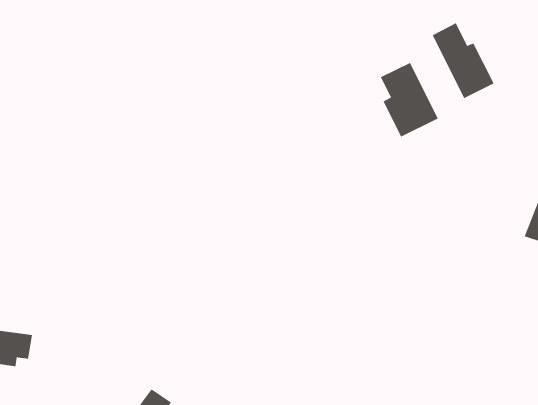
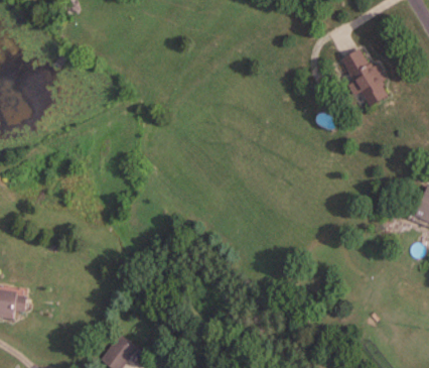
building: [380,62,439,137] -> none

